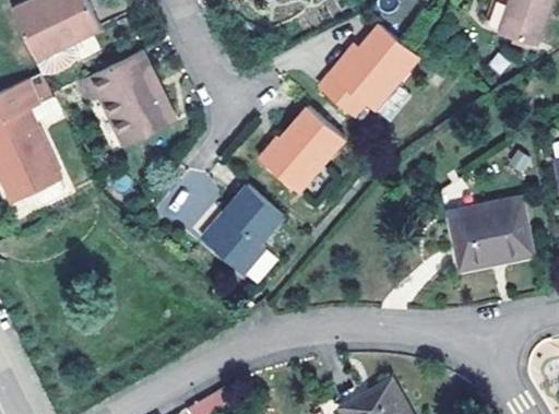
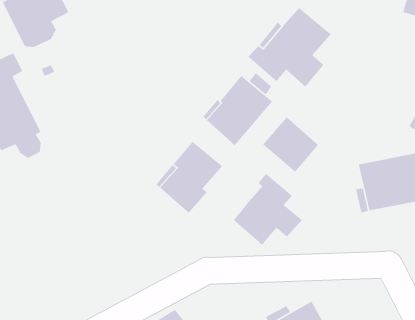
building: [78,50,174,145] -> none
building: none -> [262,116,319,173]
building: none -> [233,173,303,246]

